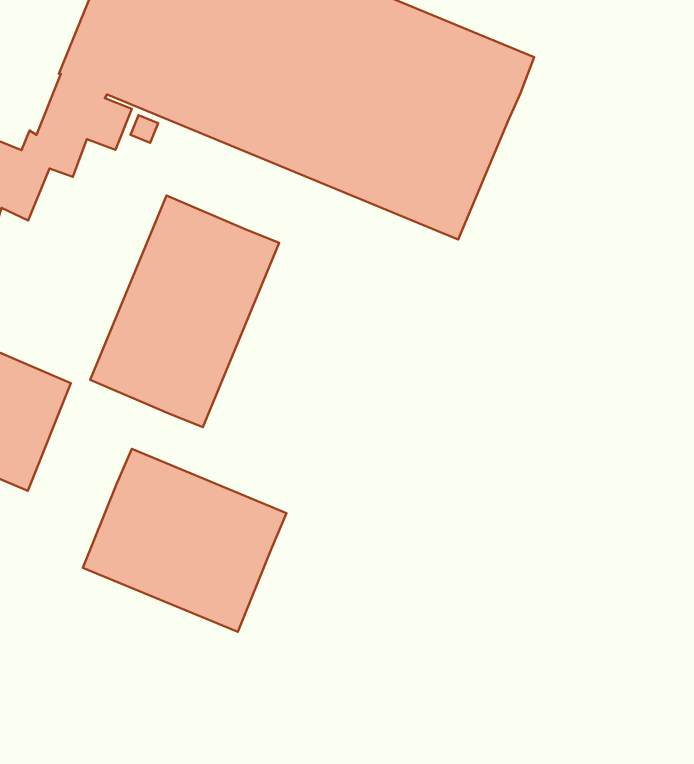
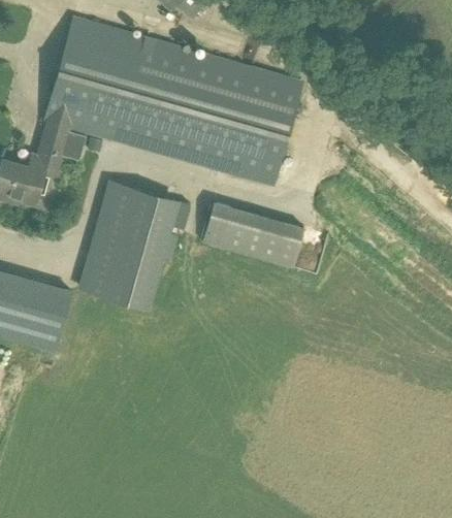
building: none -> [201,201,304,268]
building: [83,449,287,632] -> none

